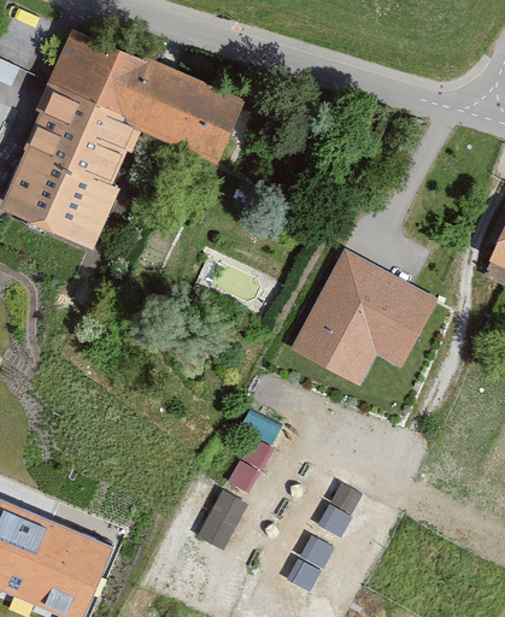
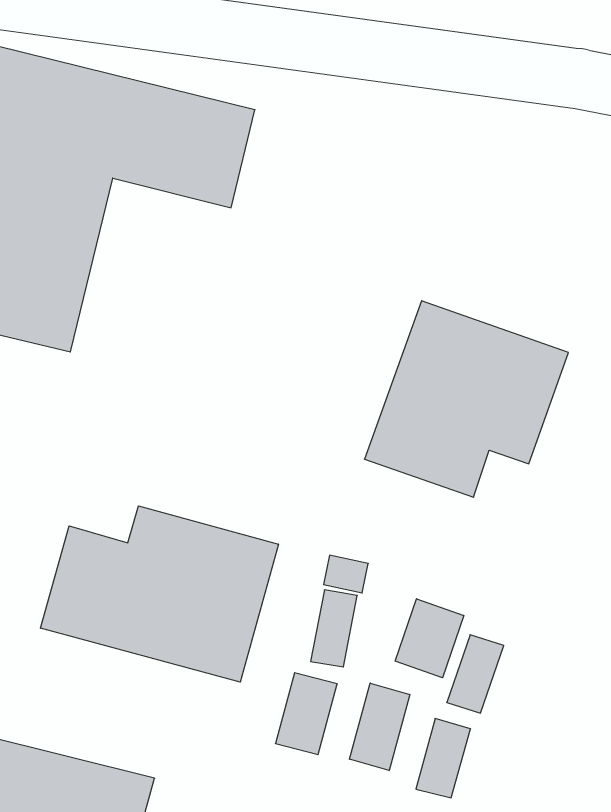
building: none -> [40,506,278,682]
building: none -> [395,599,464,678]
building: none -> [349,683,410,771]

